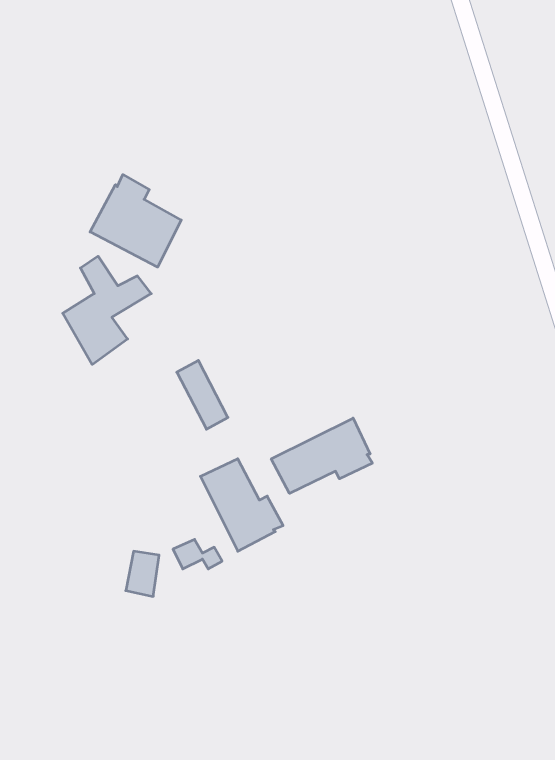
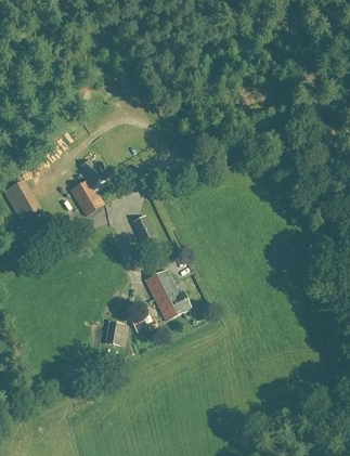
building: [90,175,181,267] -> none
building: [271,418,372,493] -> none

